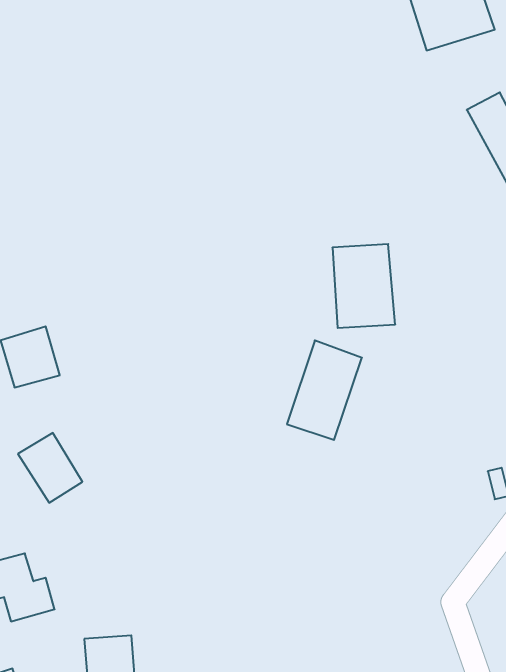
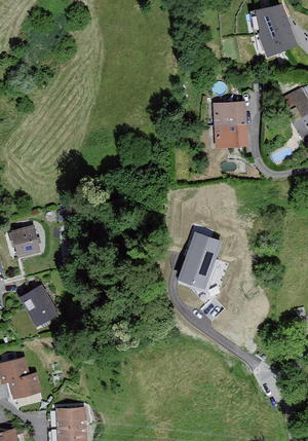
building: [332,244,395,328] -> [213,100,249,149]

